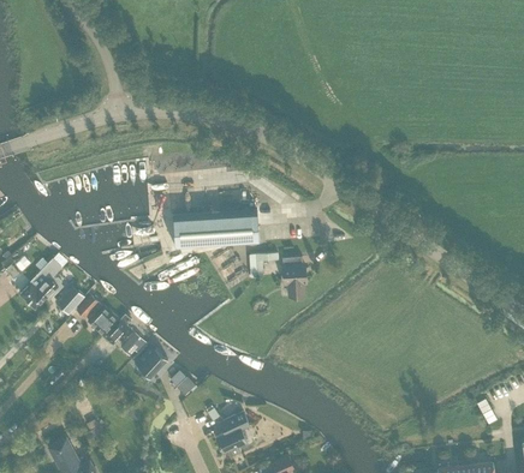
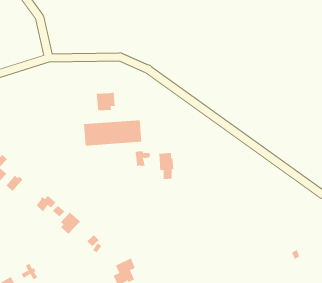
building: none -> [96,92,115,111]
building: [76,294,117,334] -> none

